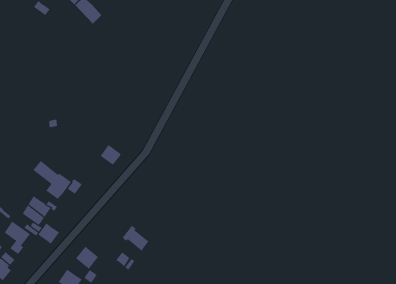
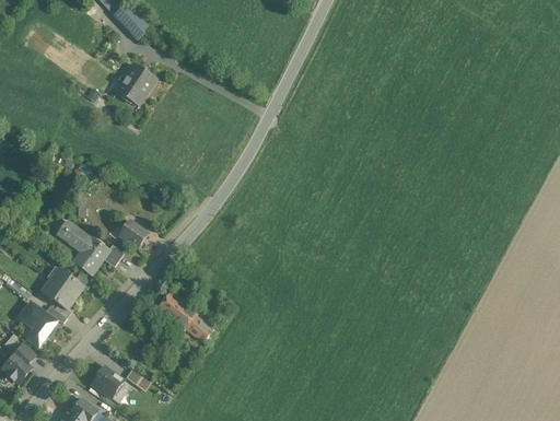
building: none -> [117,65,155,105]
building: [100,144,121,166] -> [118,220,147,248]
building: [38,223,60,244] -> none
building: [75,246,99,270] -> [158,292,189,324]

